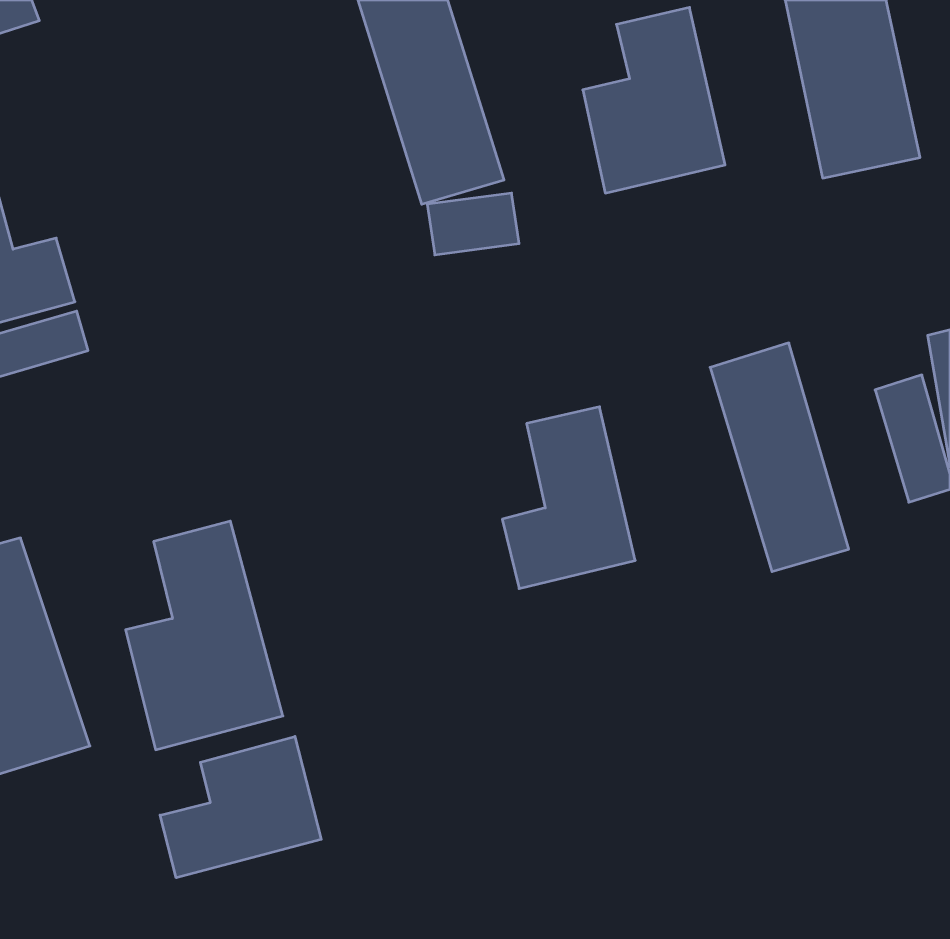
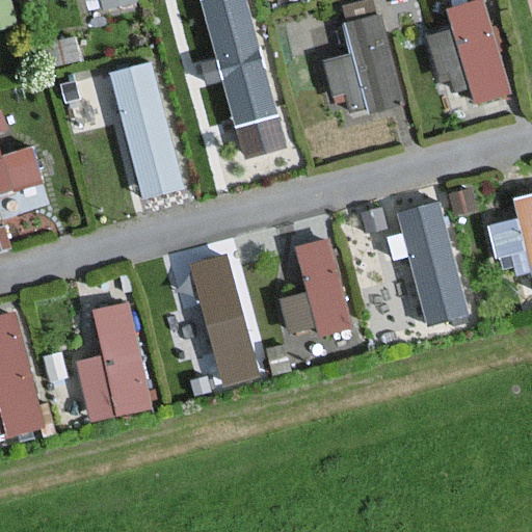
building: none -> [106,62,185,202]
building: none -> [194,252,258,388]
building: [160,736,321,878] -> none

